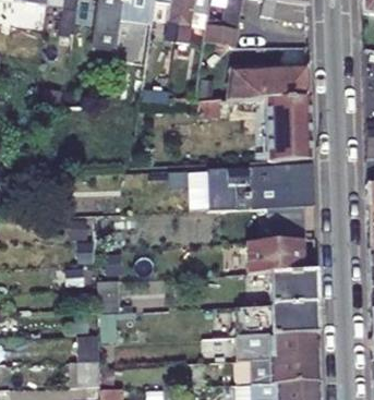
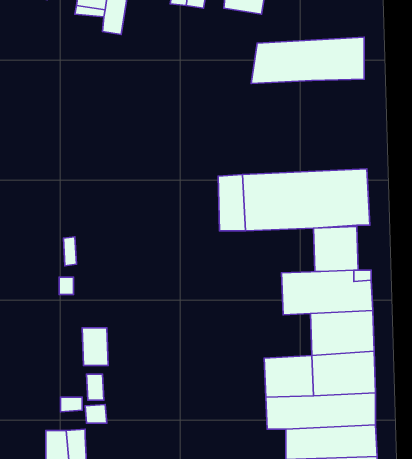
building: [272,94,313,157] -> none

